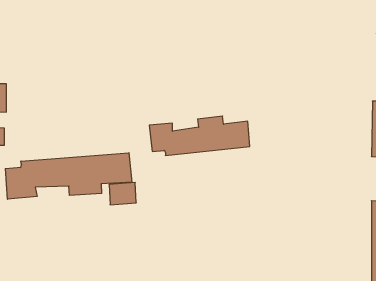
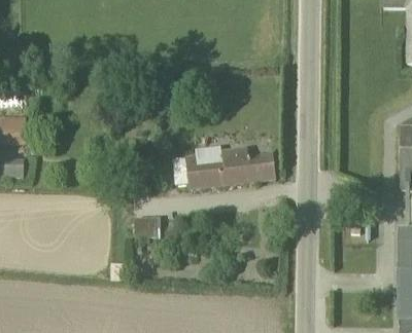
building: [5,153,132,199] -> none

